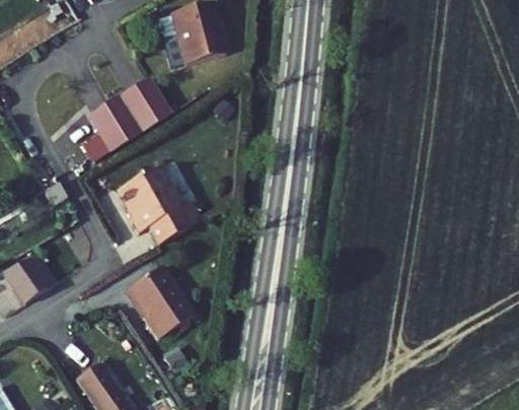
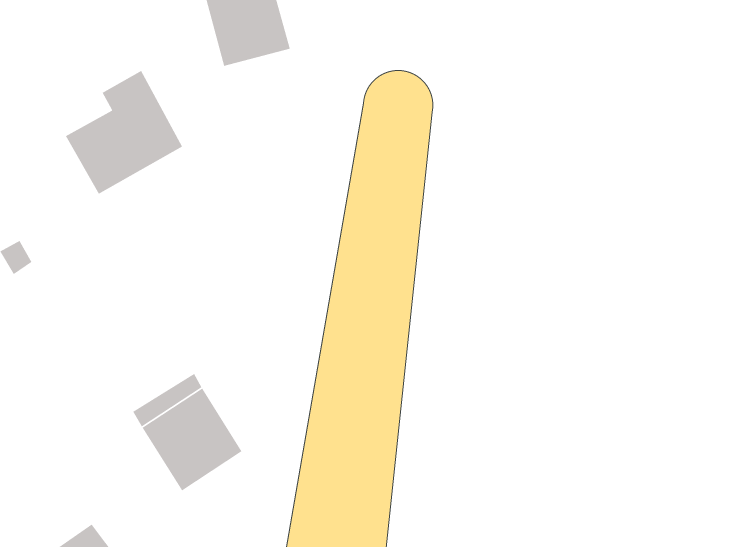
building: [115,162,193,247] -> none

